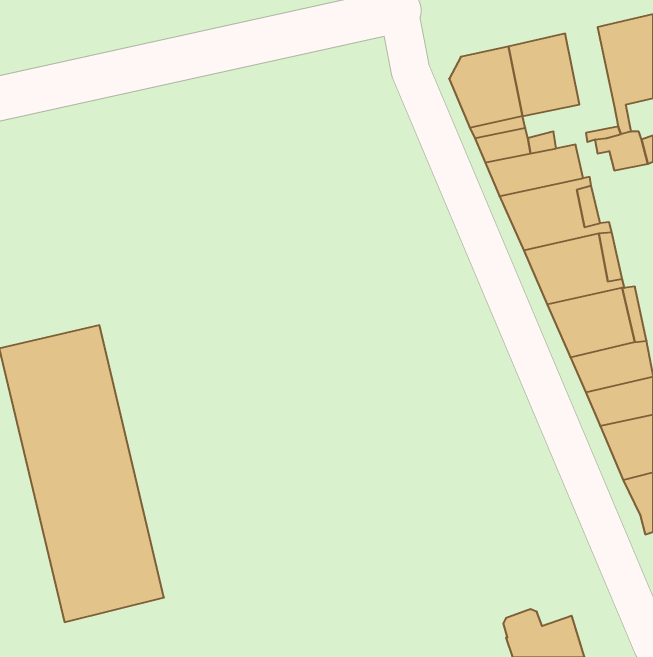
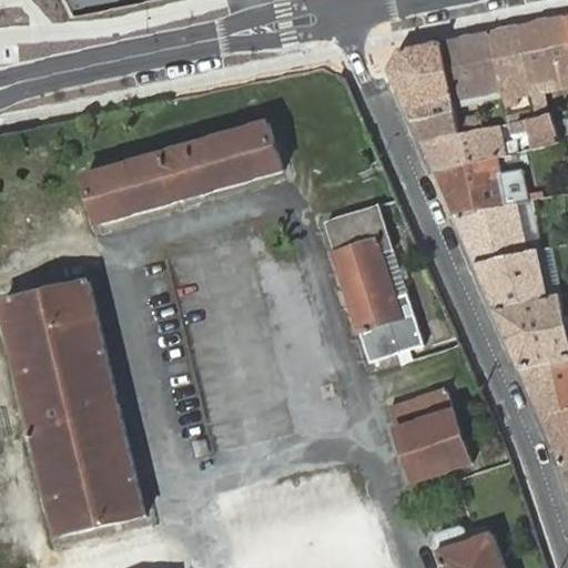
building: none -> [486,23,528,104]
building: none -> [85,121,293,225]
building: none -> [323,202,423,362]
building: none -> [386,387,469,480]

